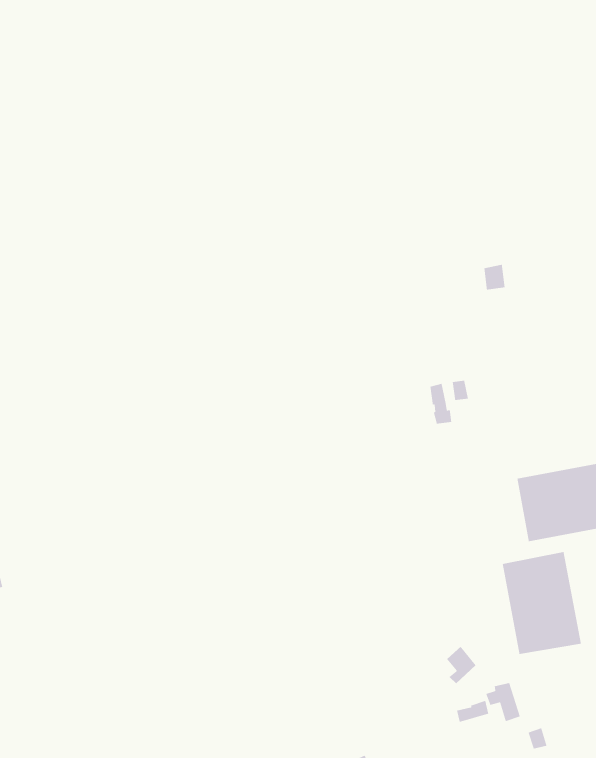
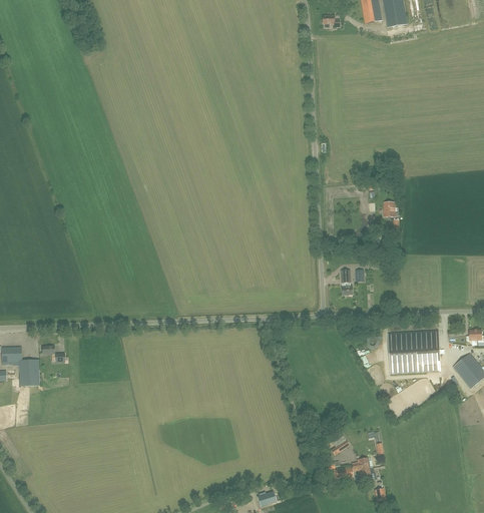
building: [502,551,582,655] -> none

